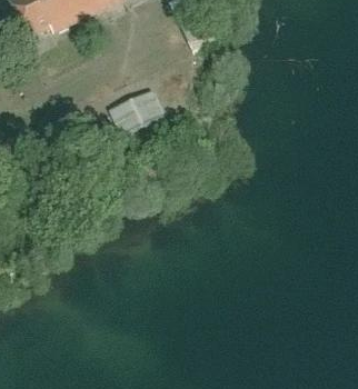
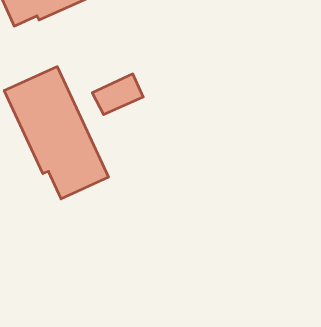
building: none -> [4,67,108,199]

